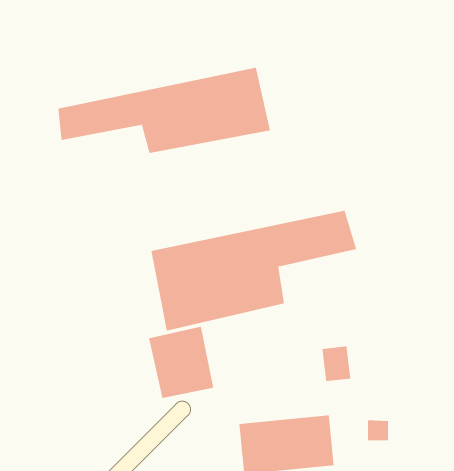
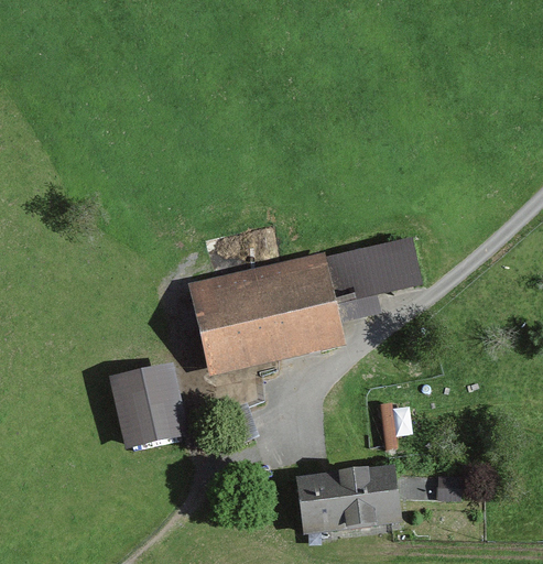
building: [58,67,271,154] -> none
building: [148,326,214,399] -> [108,362,182,444]

